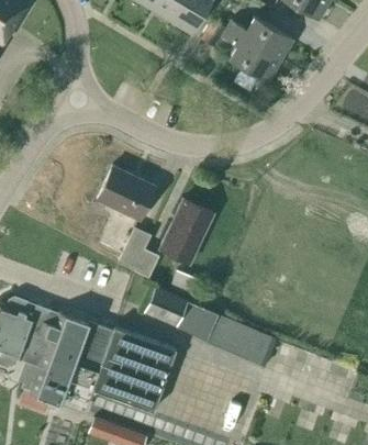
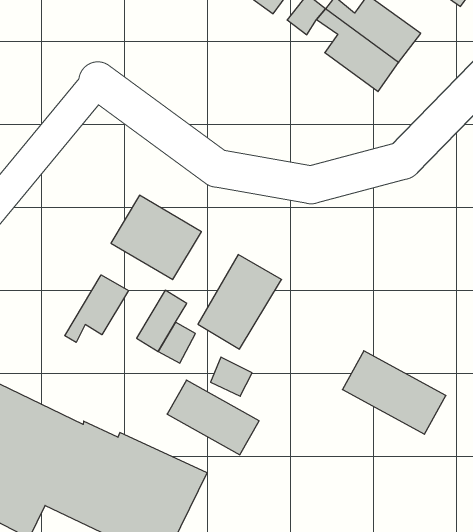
building: none -> [65,275,128,342]
building: [207,314,277,367] -> [342,351,446,434]

